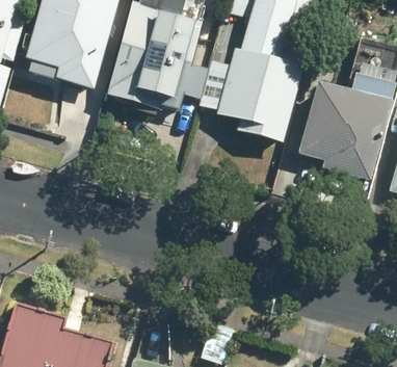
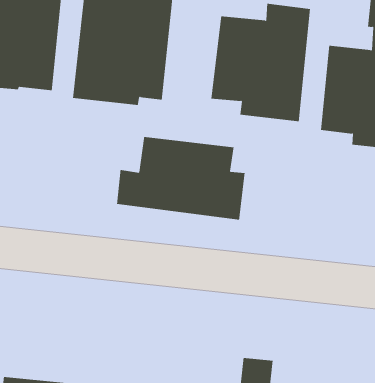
building: none -> [117,136,245,220]

